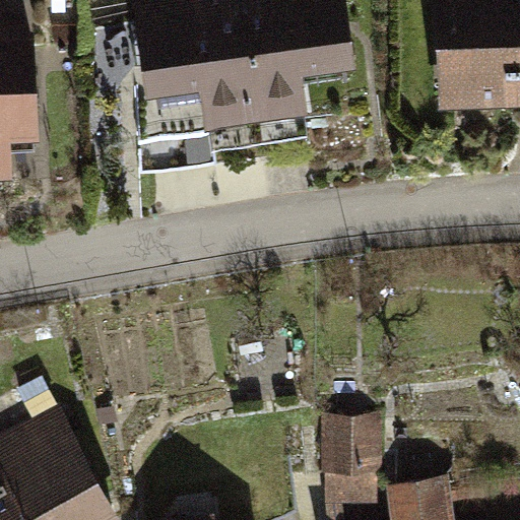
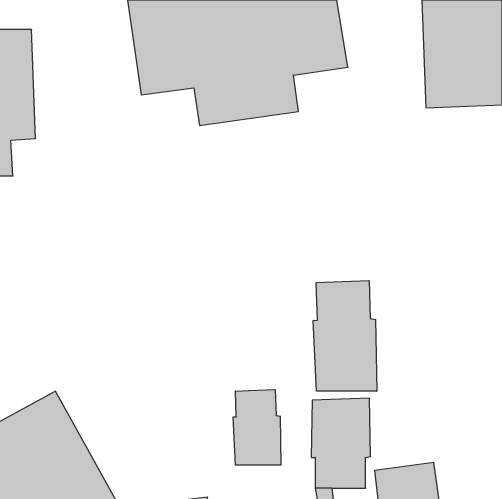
building: none -> [313,281,377,391]
building: none -> [233,390,281,465]

